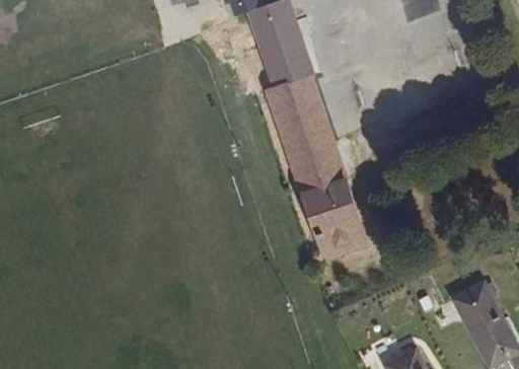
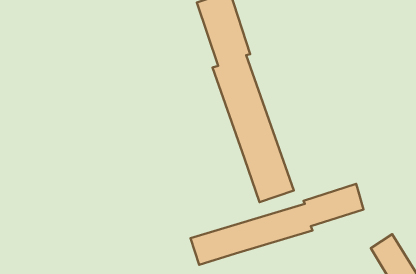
building: none -> [191,184,364,265]

